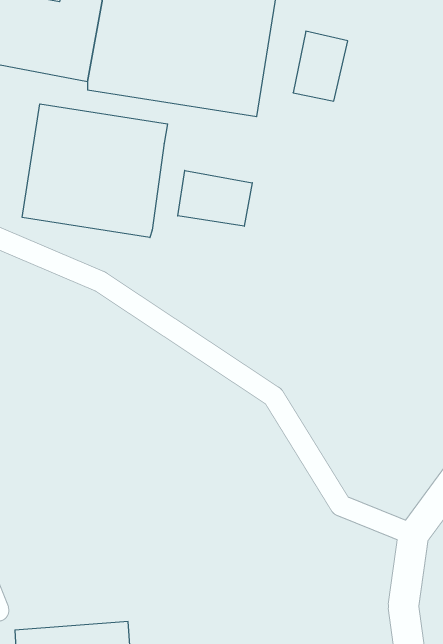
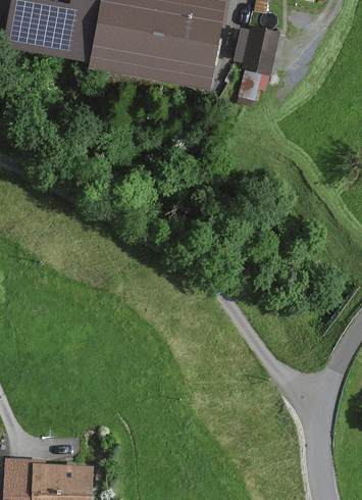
building: [22,104,168,238] -> none
building: [178,170,252,226] -> none

